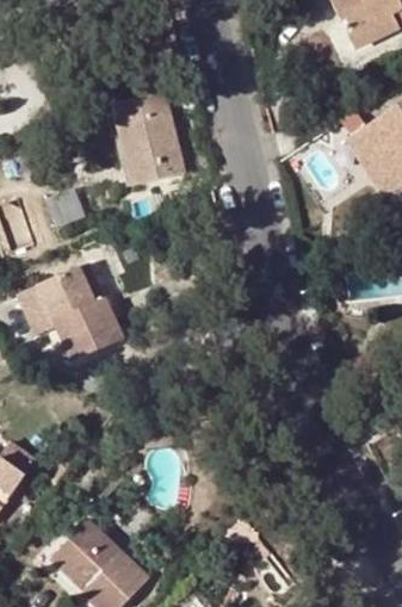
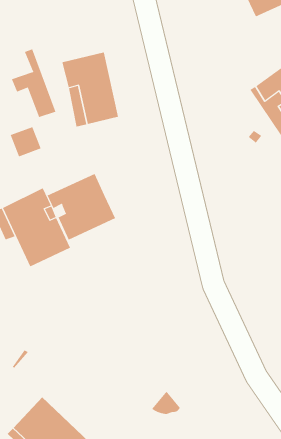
building: none -> [11,48,56,118]
building: none -> [47,173,116,241]

